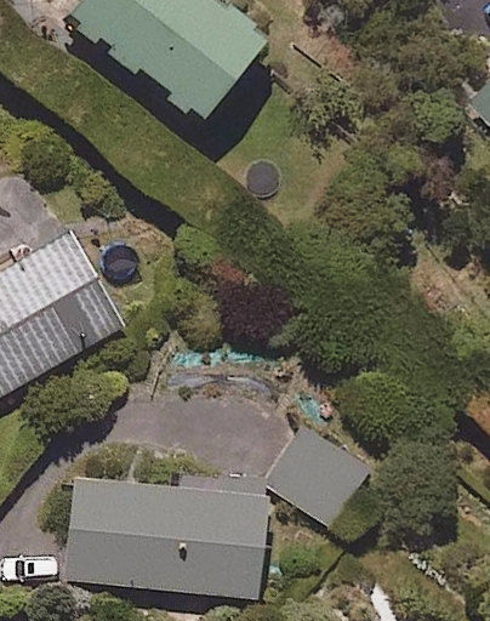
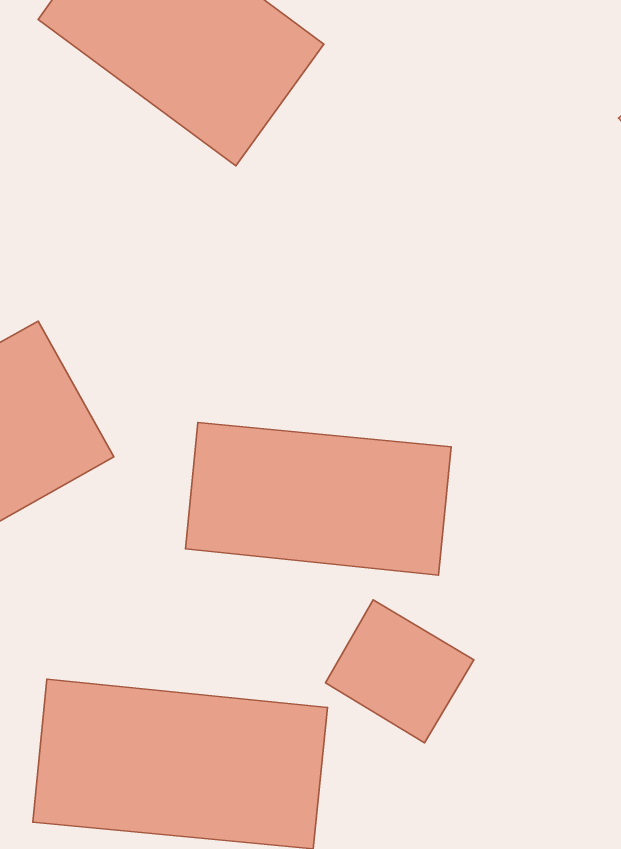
building: none -> [185,422,451,575]

